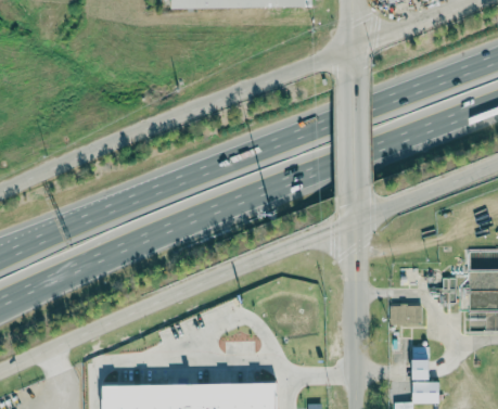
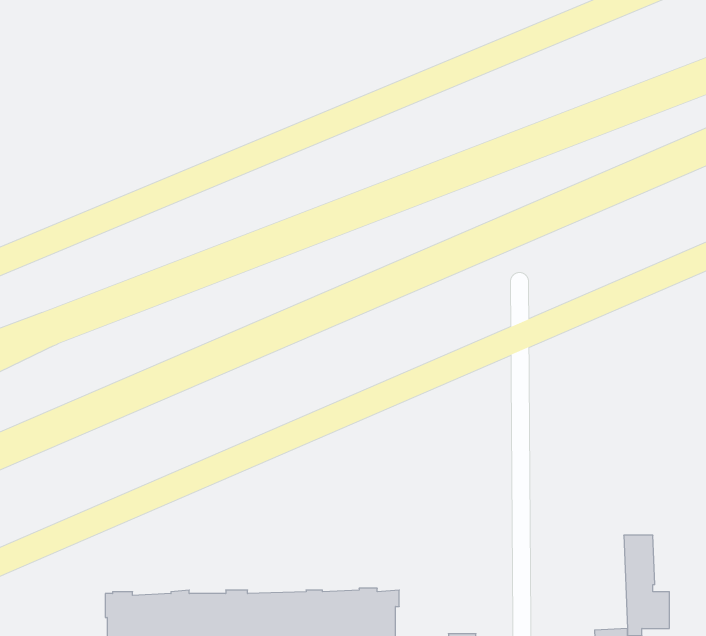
building: [386,308,419,329] -> none

